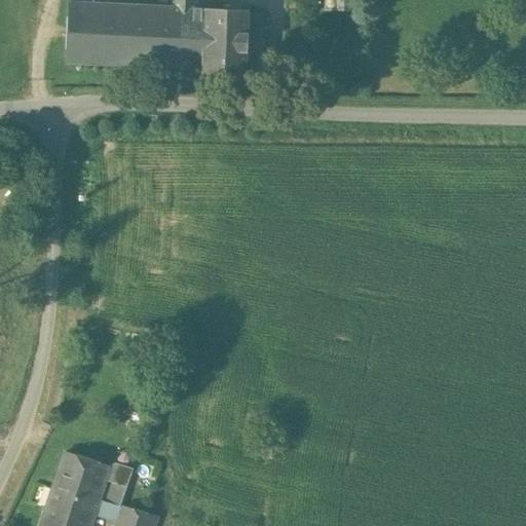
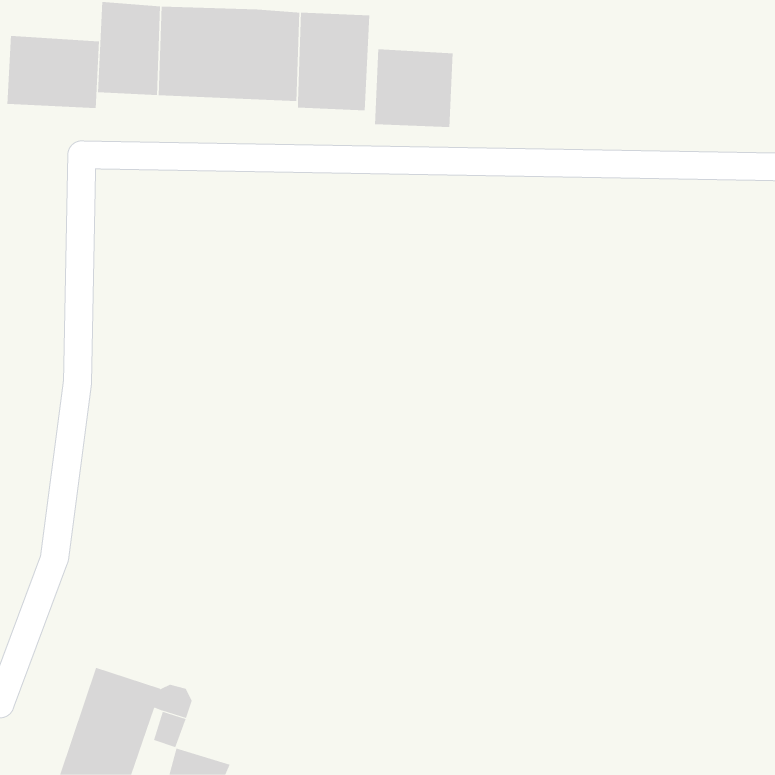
building: none -> [7,35,100,109]
building: none -> [374,48,453,128]

